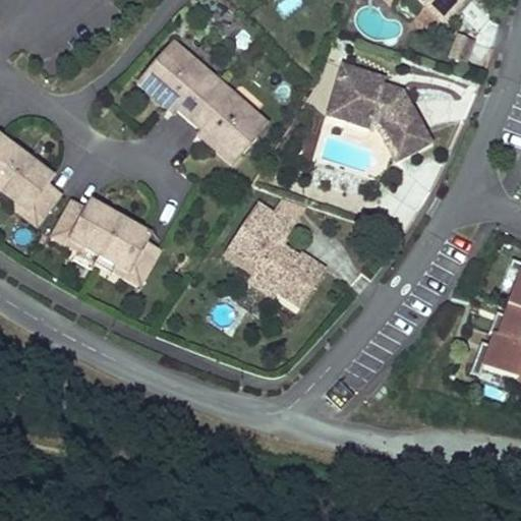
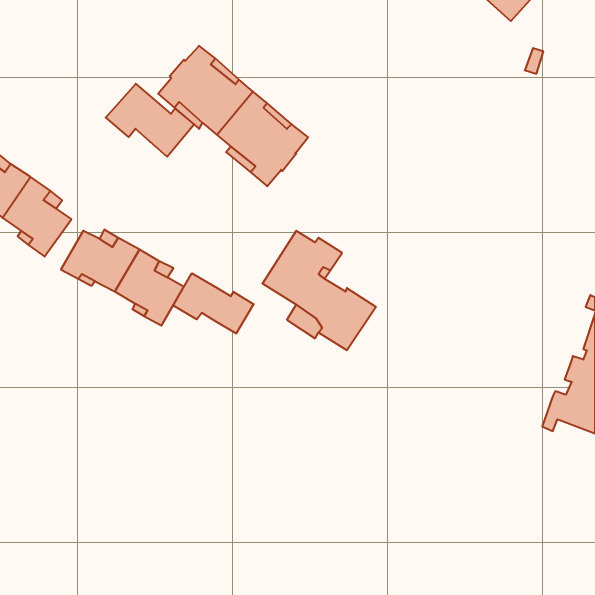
building: [326,61,432,160] -> none
building: none -> [106,84,194,157]
building: none -> [173,273,254,334]

